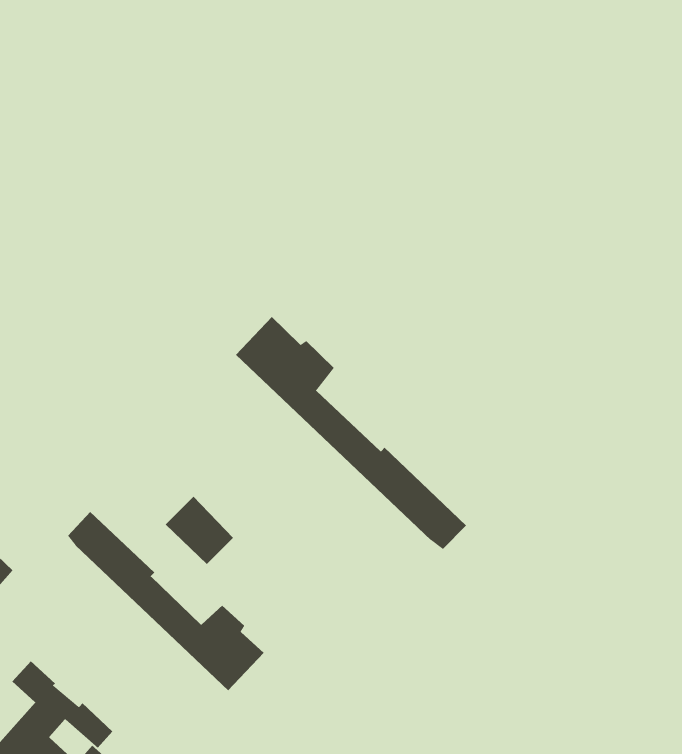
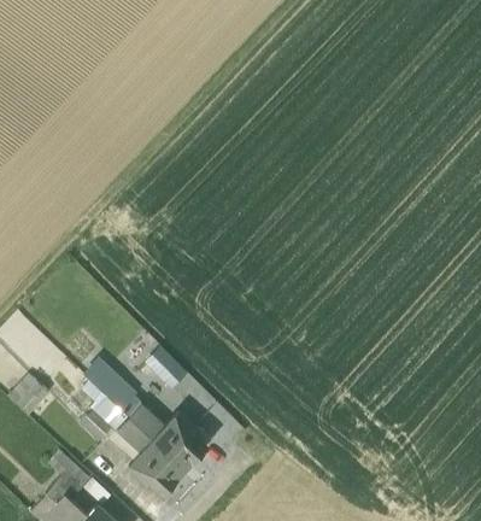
building: [235,316,467,550] -> none
building: none -> [80,379,184,494]

